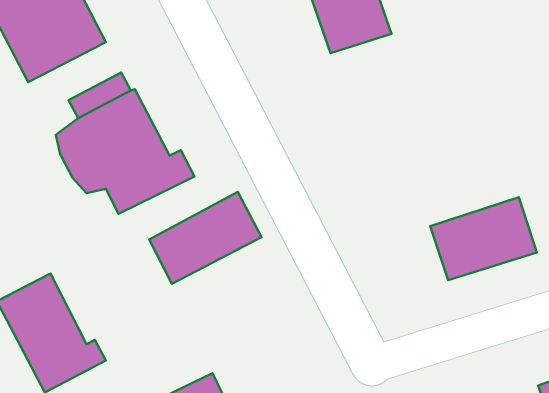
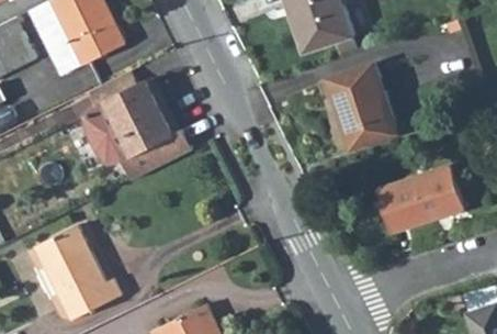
building: none -> [326,62,394,145]
building: [149,192,262,284] -> none

